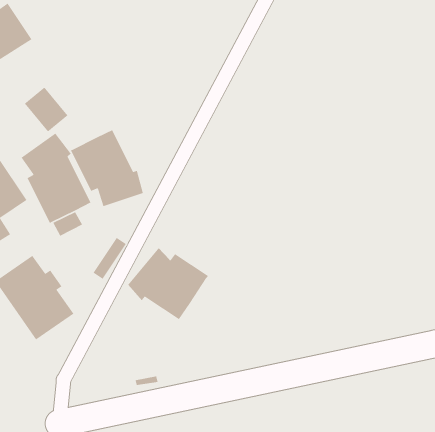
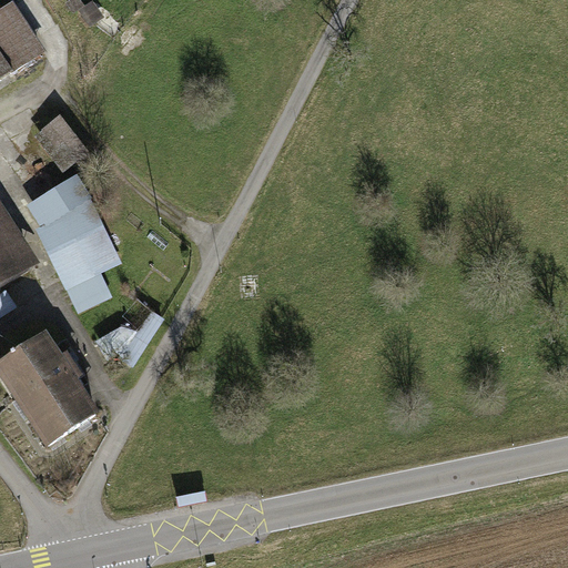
building: [70,129,144,207] -> none
building: [127,247,209,320] -> none

